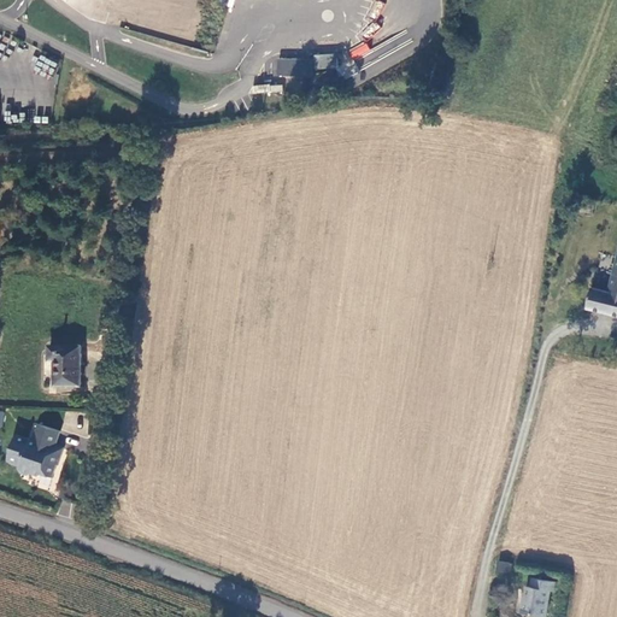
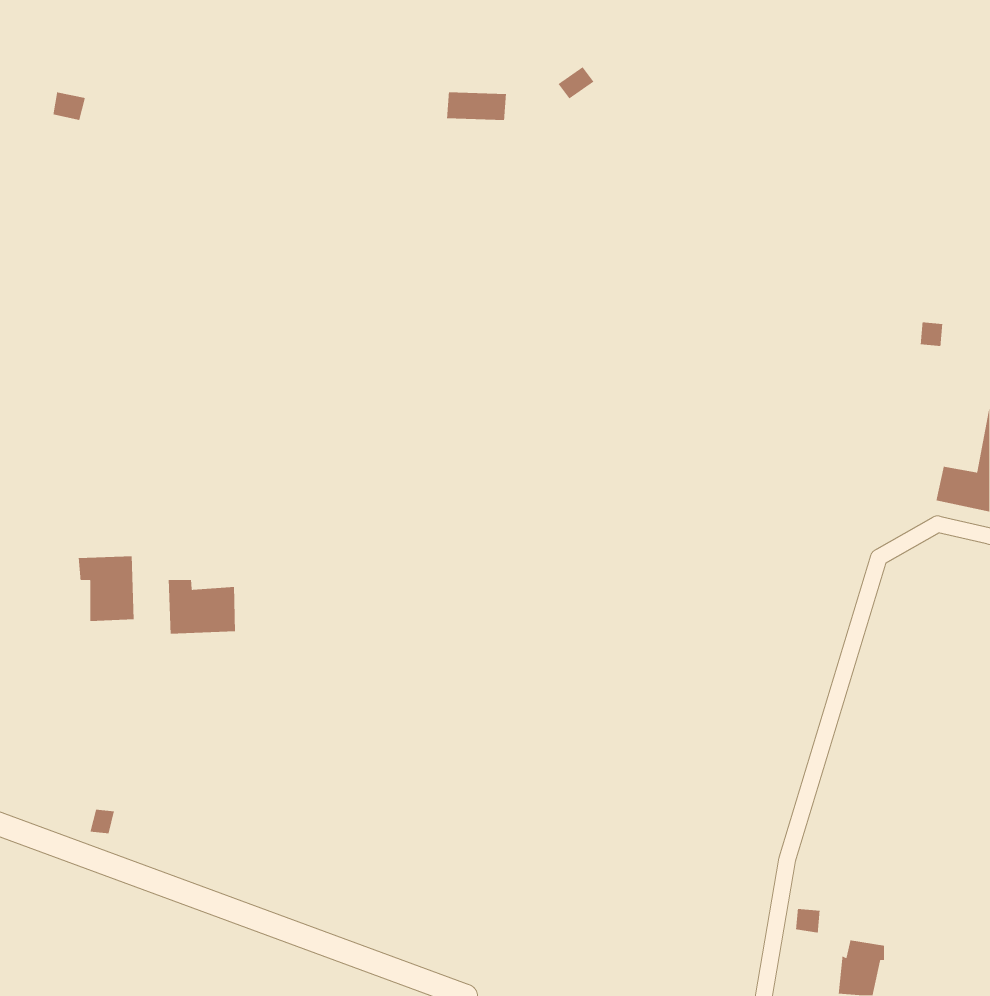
building: none -> [168,579,236,635]
building: [8,425,63,478] -> none

